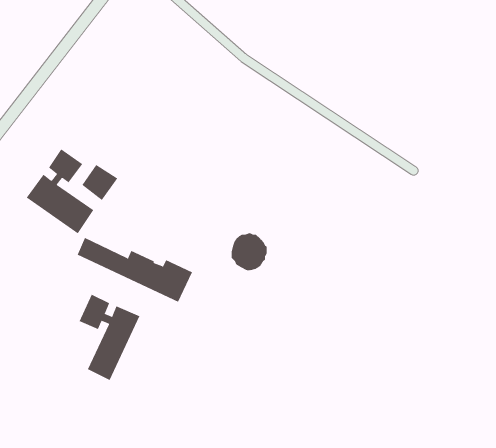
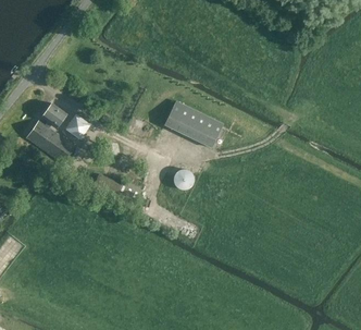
building: none -> [163,101,222,148]
building: [79,294,140,381] -> none

